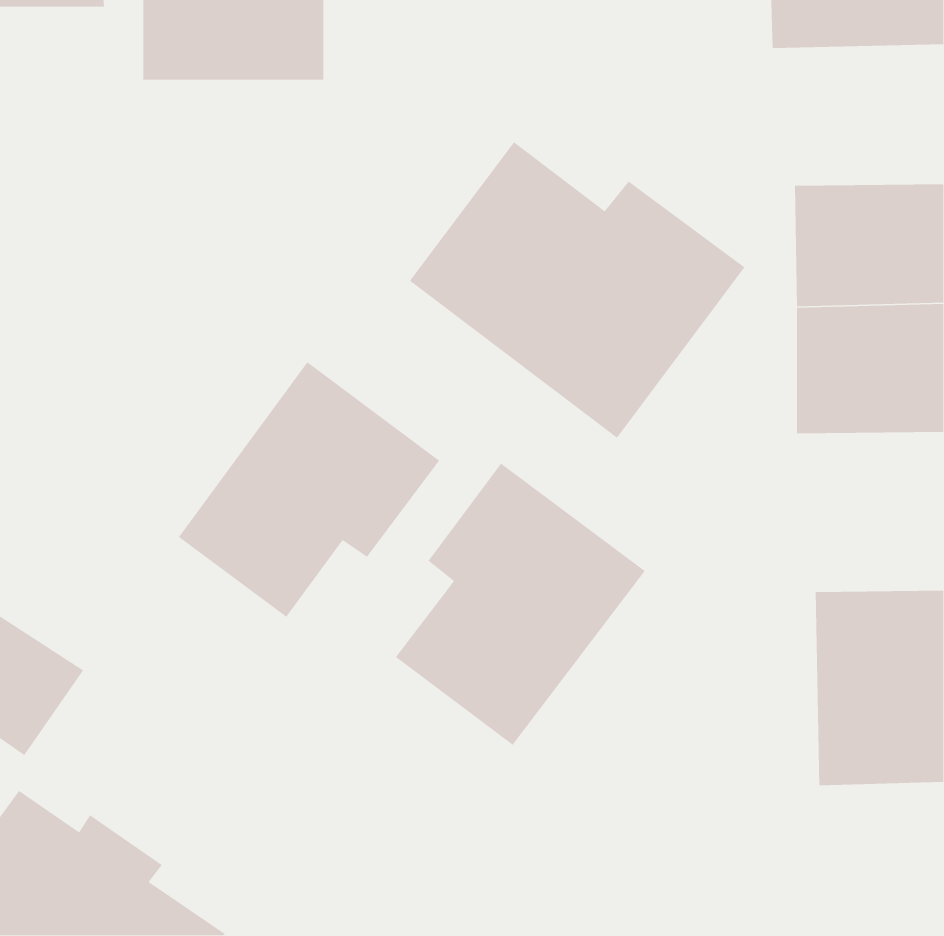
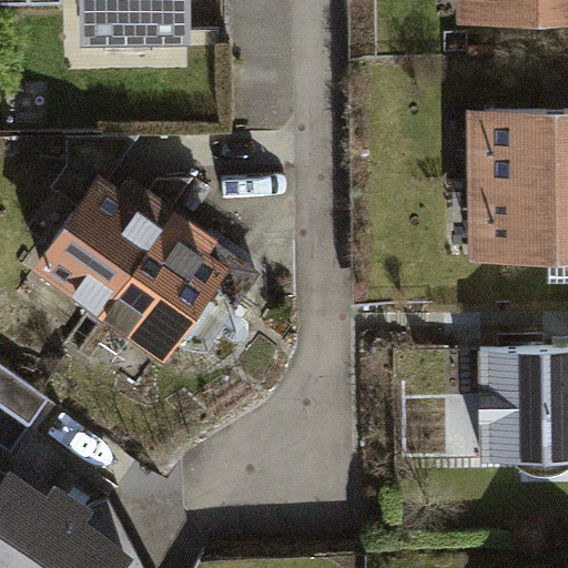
building: [409,141,745,439] -> none
building: none -> [34,175,182,318]
building: [395,463,646,746] -> none

